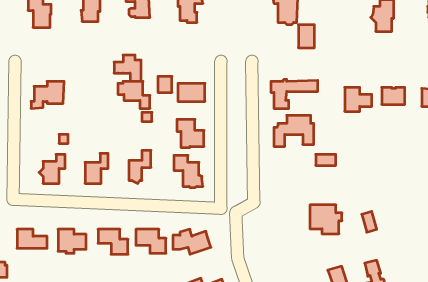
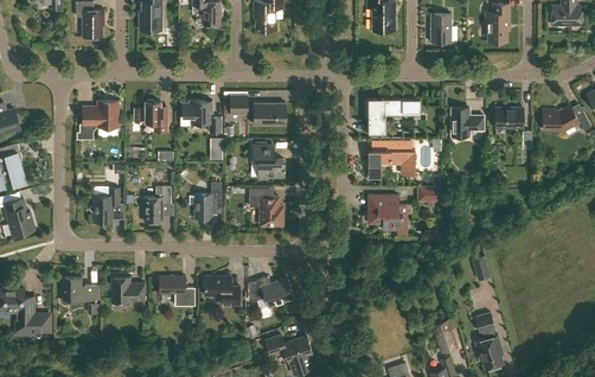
building: [298,25,314,48] -> [431,14,450,41]
building: [114,55,141,81] -> [135,101,167,132]
building: [310,205,342,234] -> [367,196,405,230]

